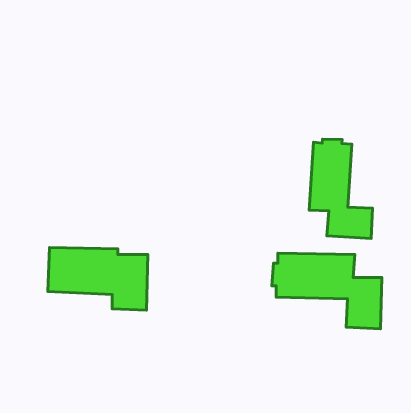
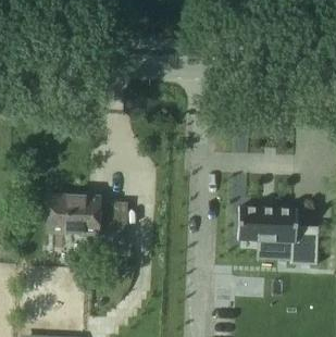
building: [309,139,372,238] -> none

